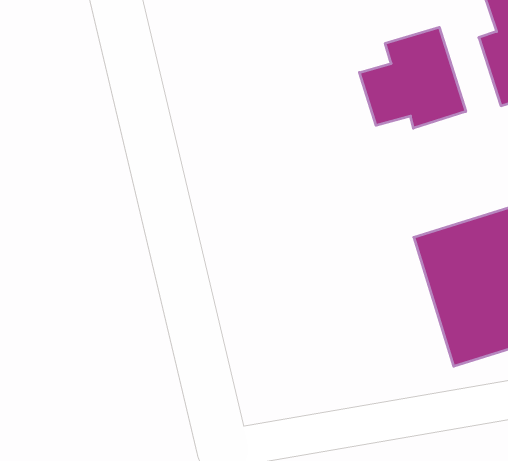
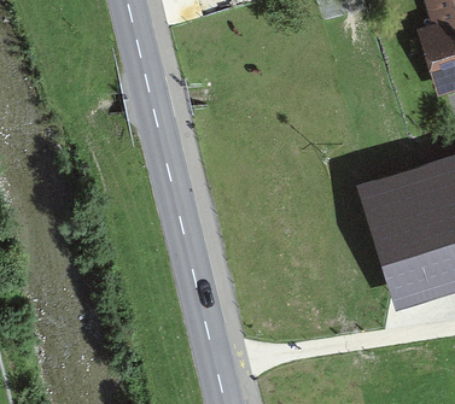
building: [359,27,466,128] -> none

